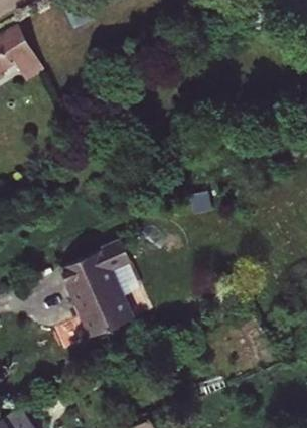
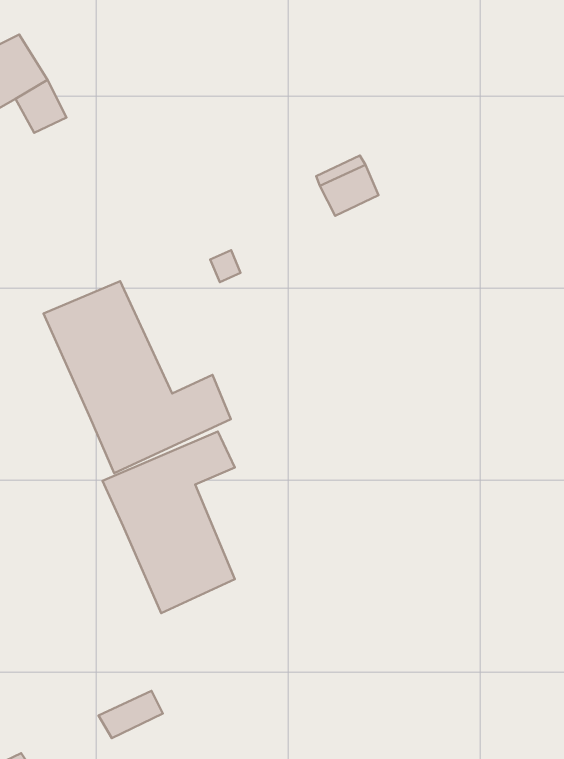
building: none -> [43,281,231,473]

